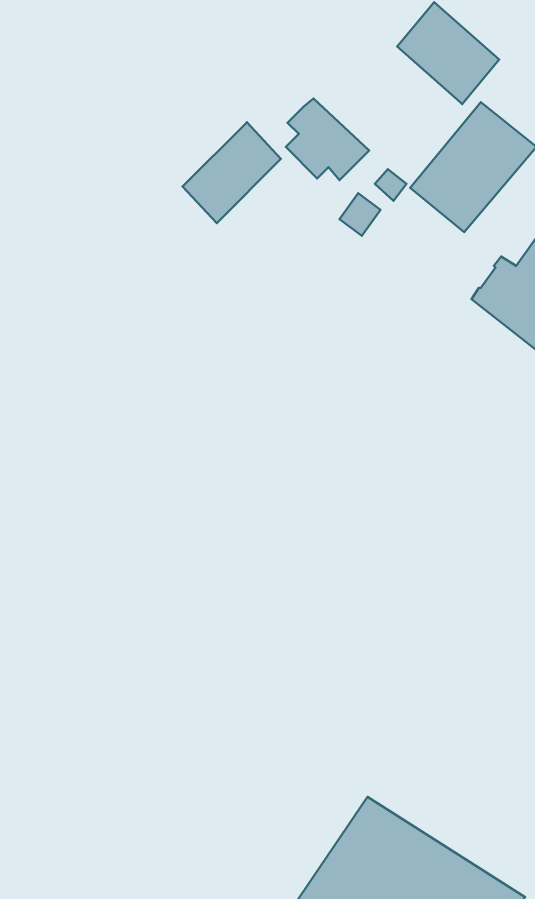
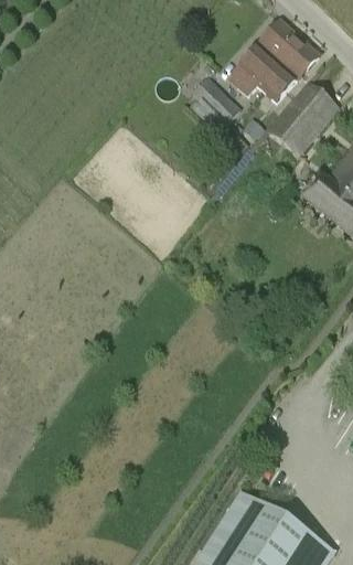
building: none -> [239,46,296,100]
building: [183,122,281,223] -> none

